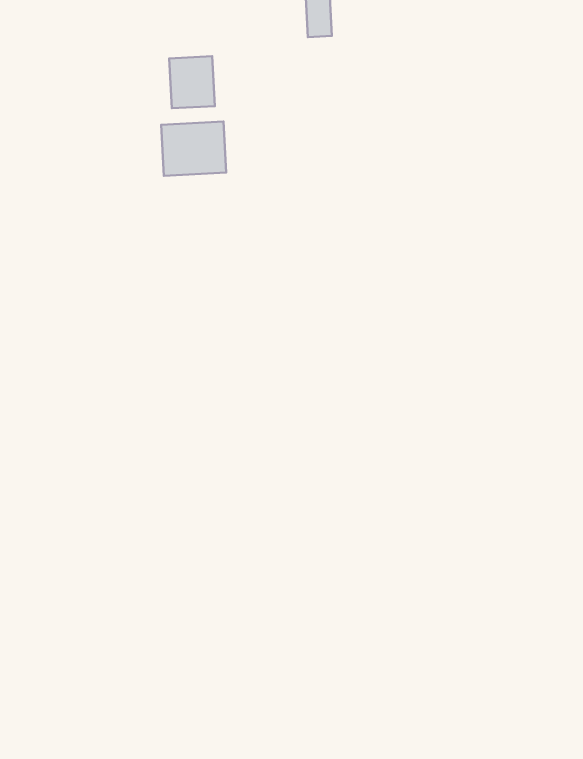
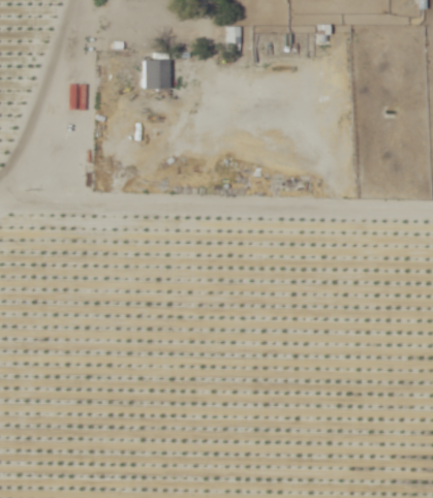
building: [161,122,226,176] -> none

